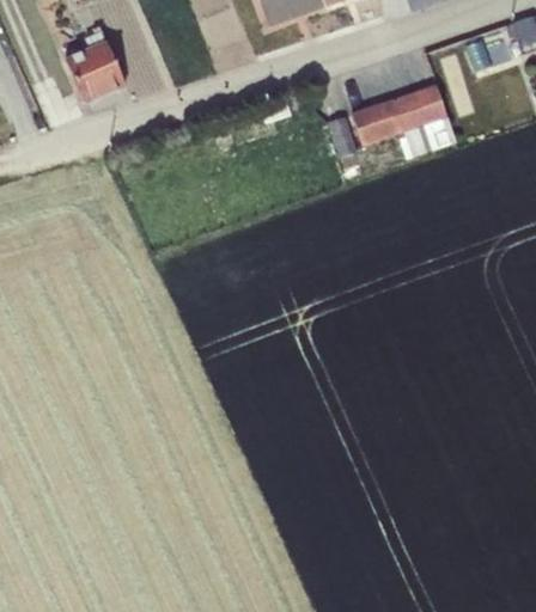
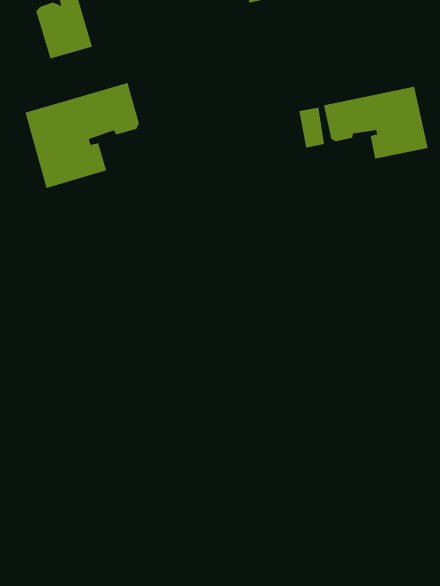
building: none -> [25,82,140,189]

